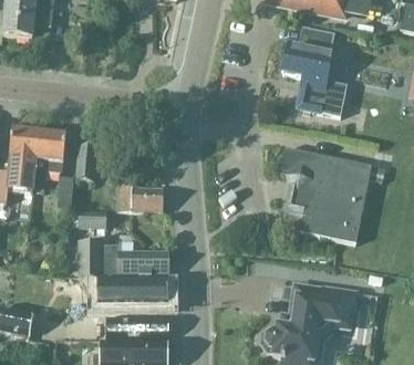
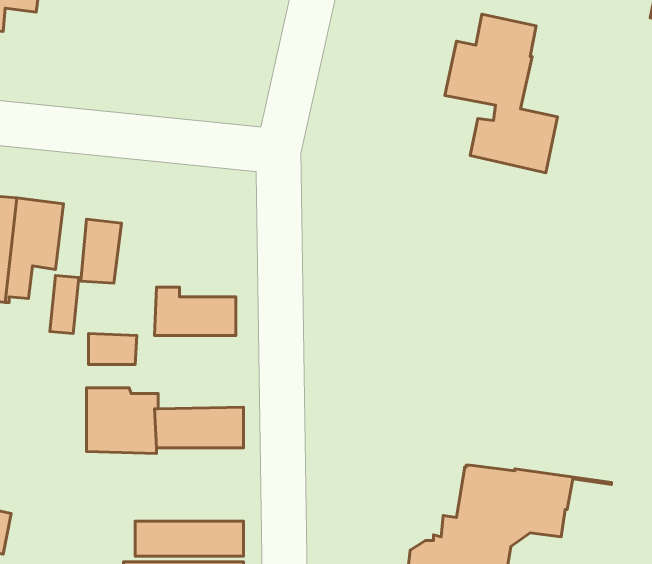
building: [280,147,372,243] -> none
building: [97,279,168,304] -> none

